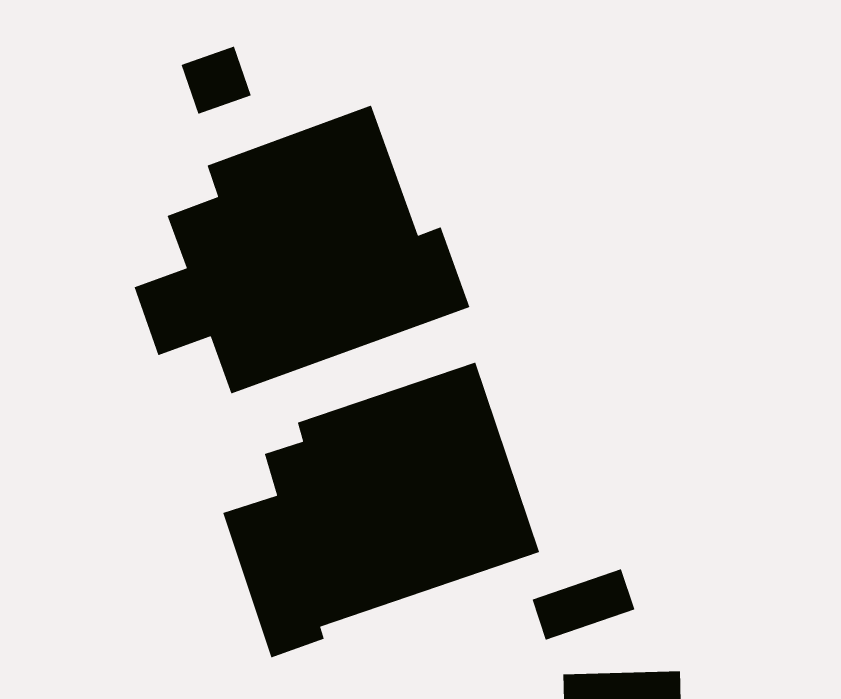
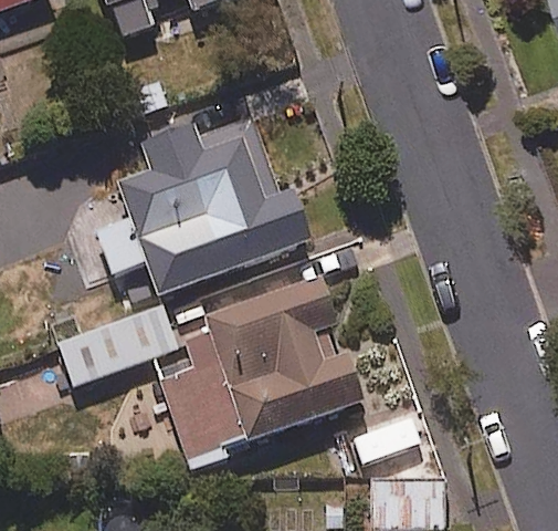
building: none -> [59,304,178,384]

